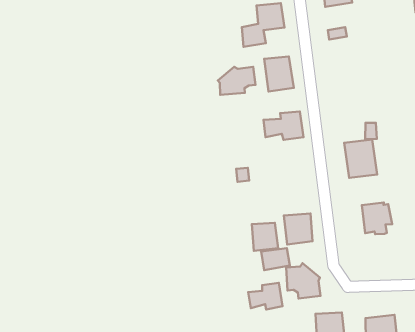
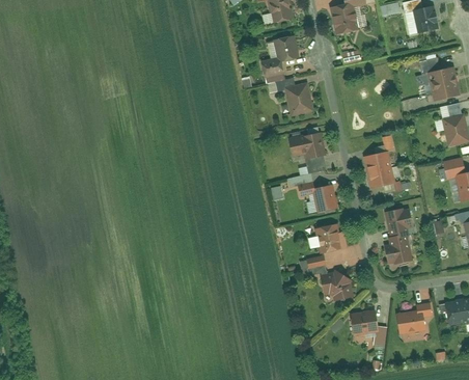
building: [218,67,255,95] -> none
building: [252,223,278,251] -> [312,185,338,212]
building: none -> [386,235,412,265]
building: [248,283,282,310] -> none

